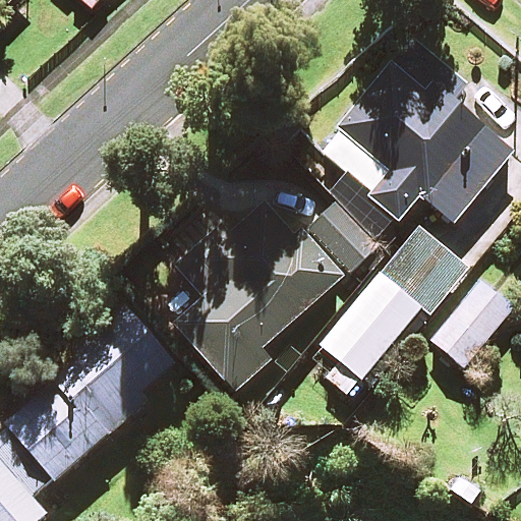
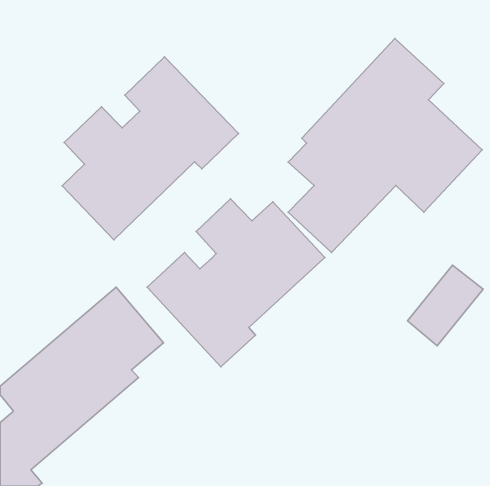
building: none -> [62,57,238,240]
building: [319,225,469,395] -> none

